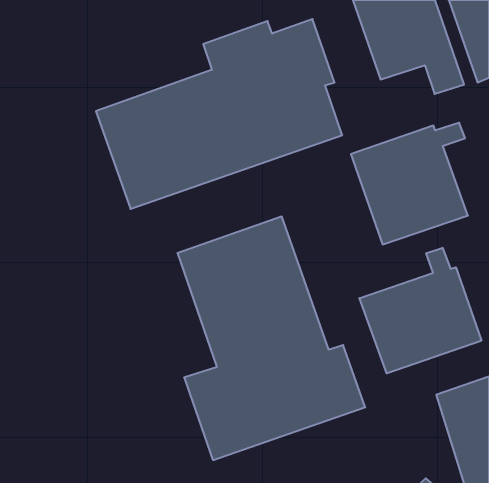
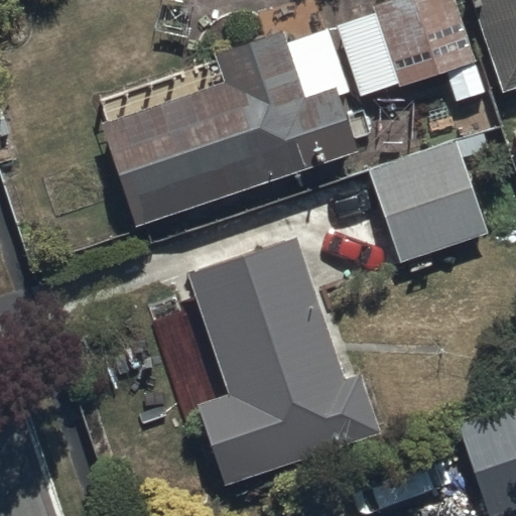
building: [359,248,481,373] -> none

